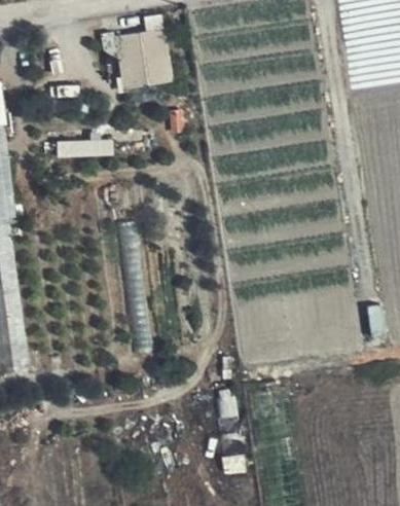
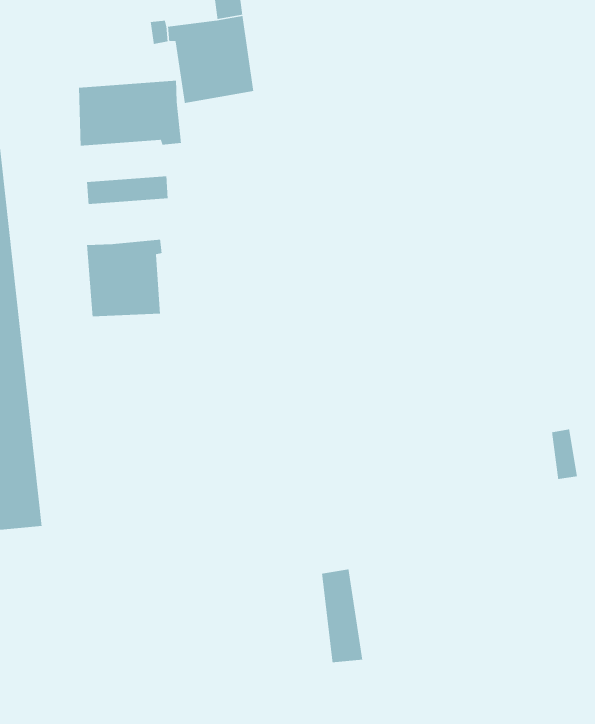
building: none -> [78,80,182,146]
building: none -> [86,239,163,317]

